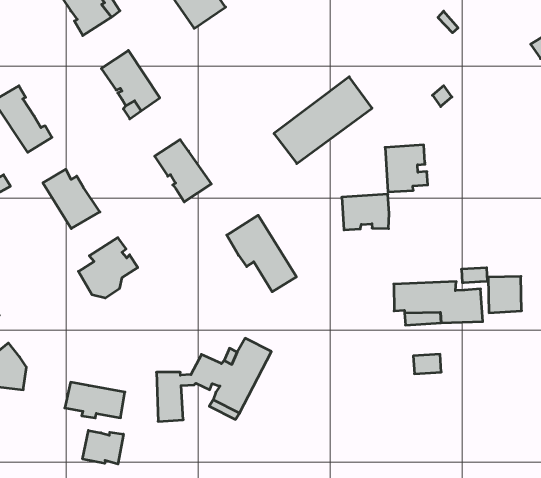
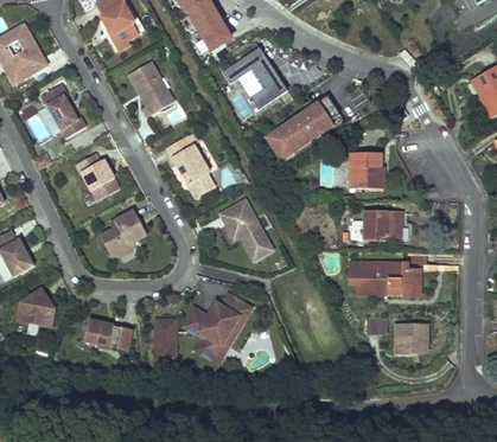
building: none -> [222,46,287,108]
building: [342,194,389,230] -> [364,212,401,239]
building: [488,276,522,313] -> [399,324,426,352]
building: [83,430,123,464] -> none

